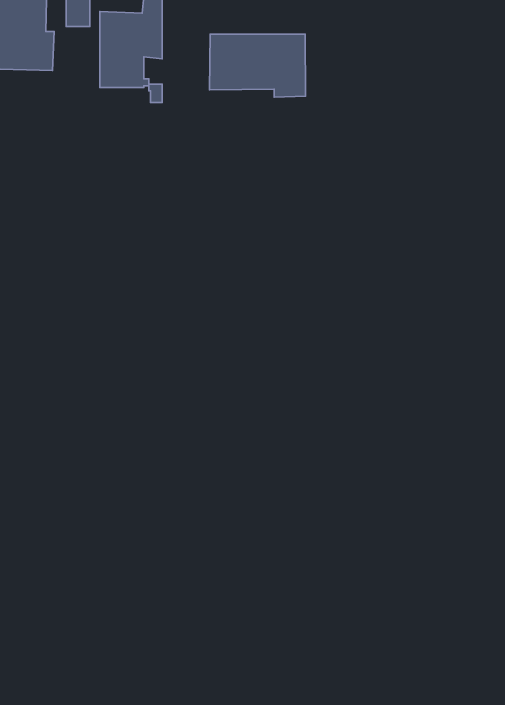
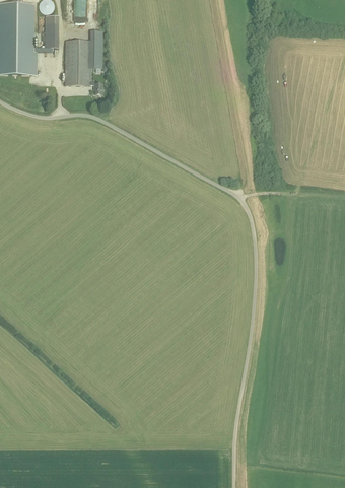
building: [210,34,306,97] -> none

